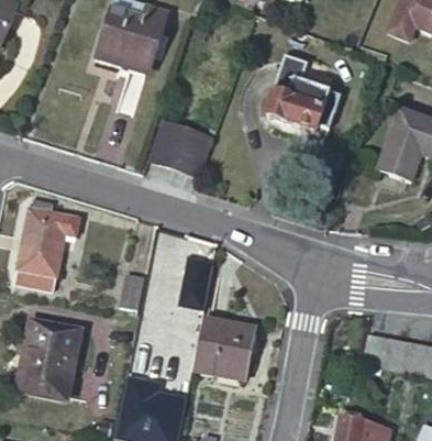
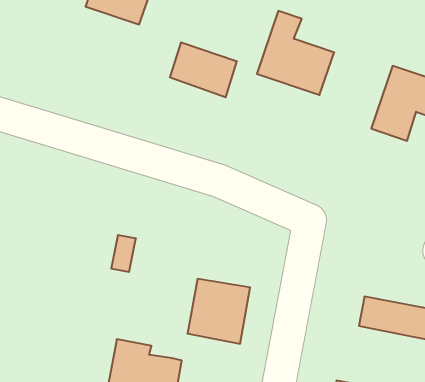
building: [142,122,208,176] -> [170,42,237,97]
building: [15,201,78,288] -> none
building: [24,321,80,397] -> none

